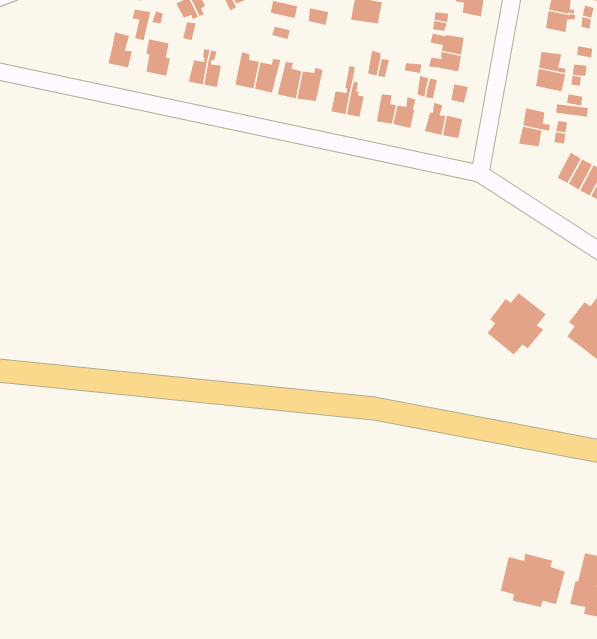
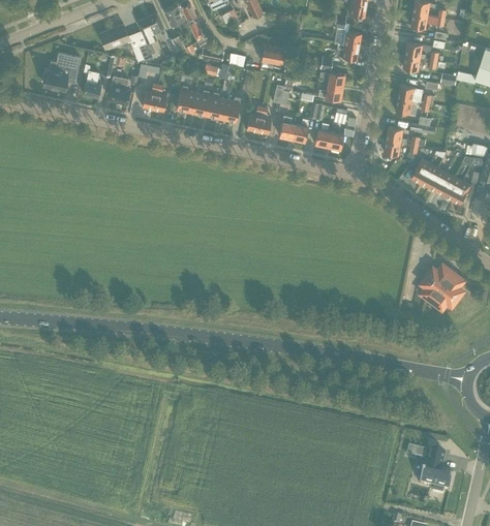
building: none -> [45,54,80,91]
building: [486,292,547,355] -> none
building: [500,553,566,608] -> none

